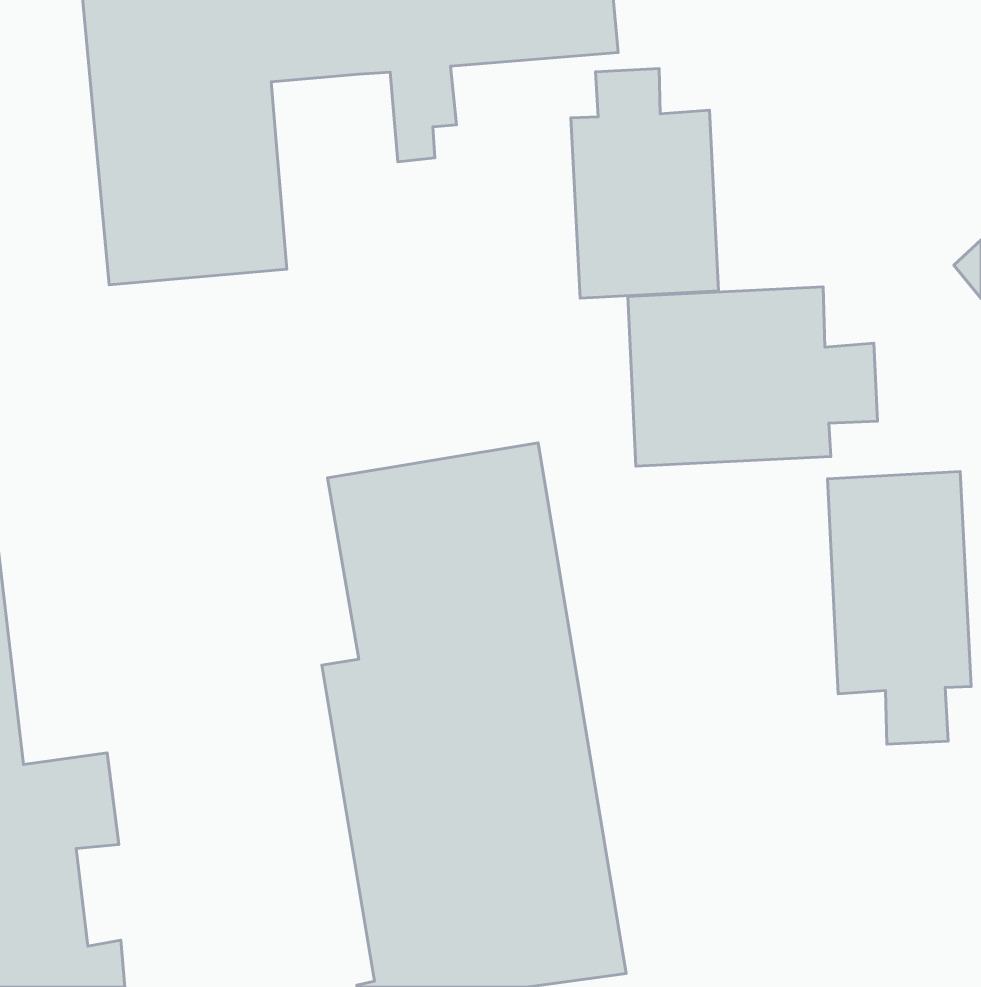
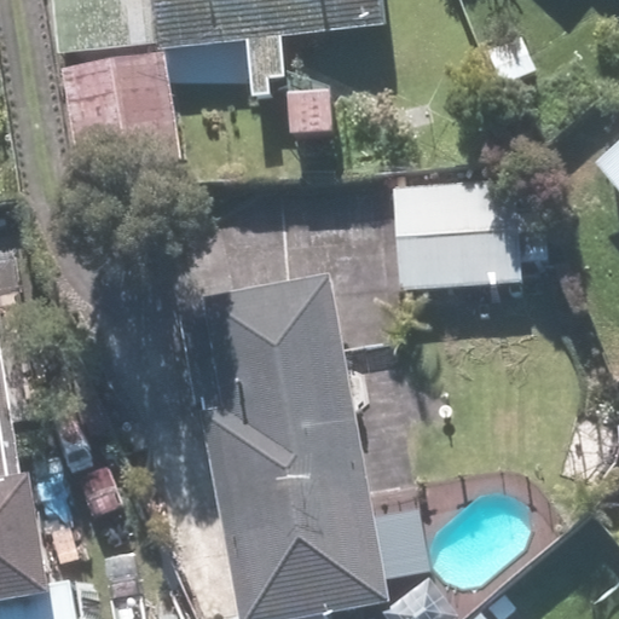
building: [571,68,718,298] -> none
building: [827,472,971,744] -> none

